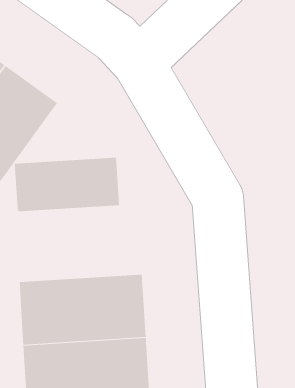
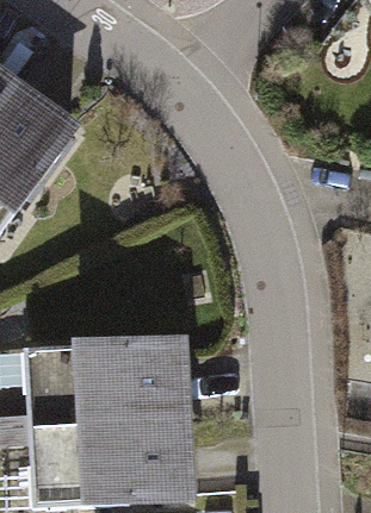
building: [14,157,120,212] -> none

